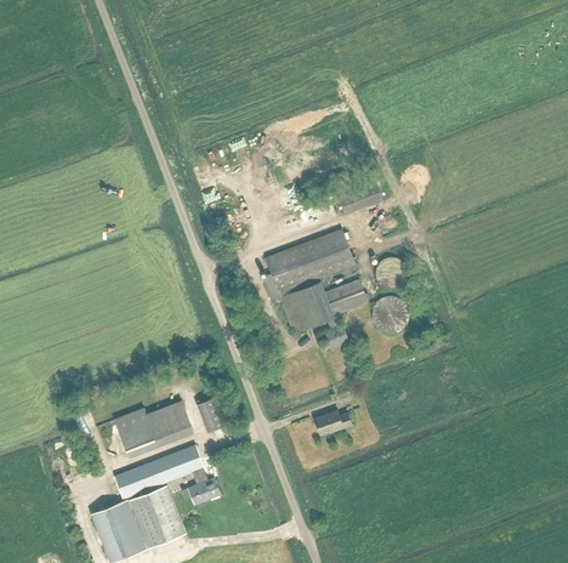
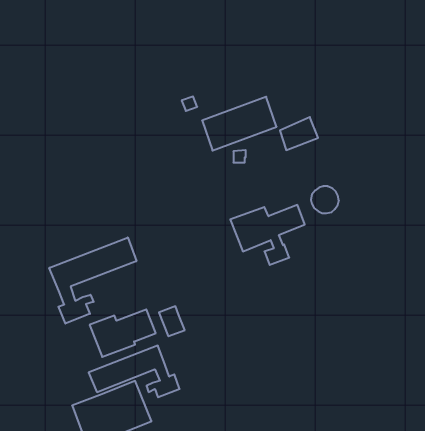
building: [266,229,353,292] -> [202,97,277,151]
building: [370,296,408,334] -> none
building: none -> [49,237,136,324]
building: [314,410,351,436] -> none

